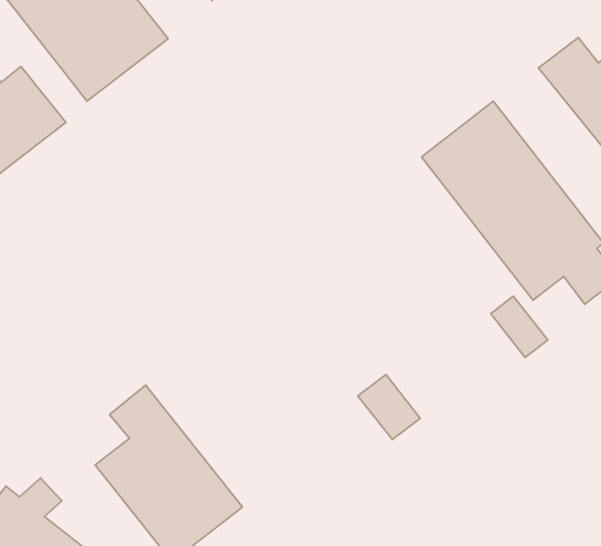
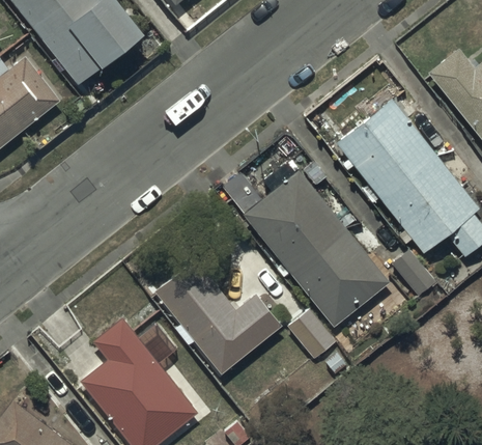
building: none -> [244,168,389,326]
building: none -> [155,256,281,372]

